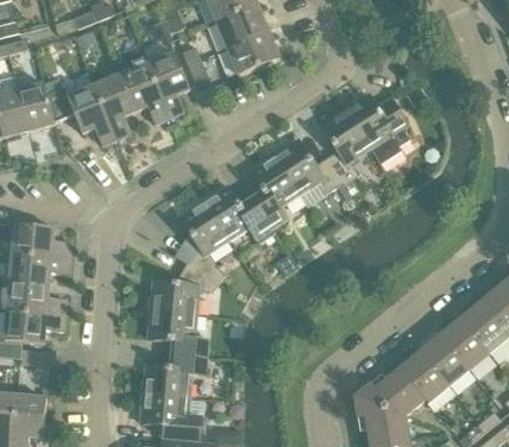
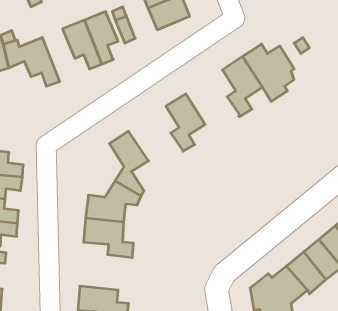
building: [95,74,136,139] -> none
building: [274,139,340,193] -> none
building: [202,184,272,241] -> none
building: [142,354,207,398] -> none

